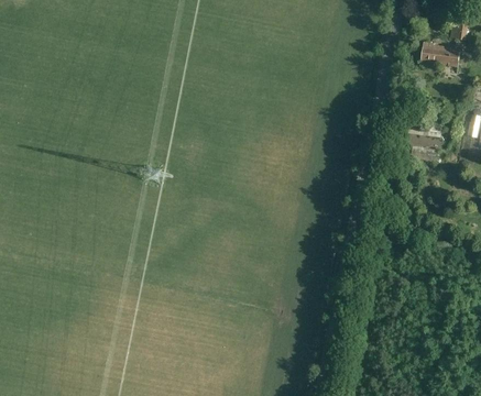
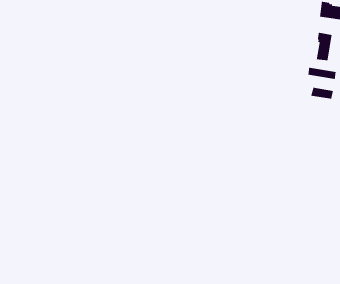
building: none -> [316,32,332,61]

